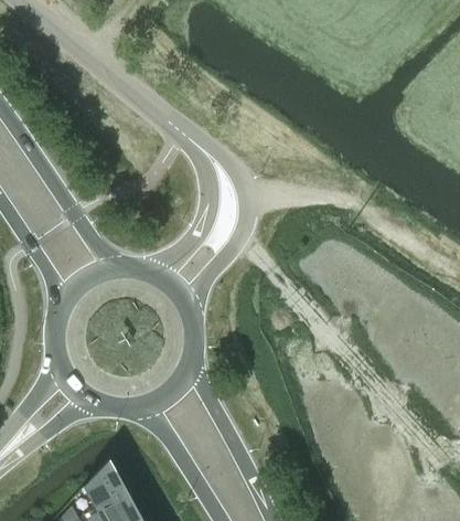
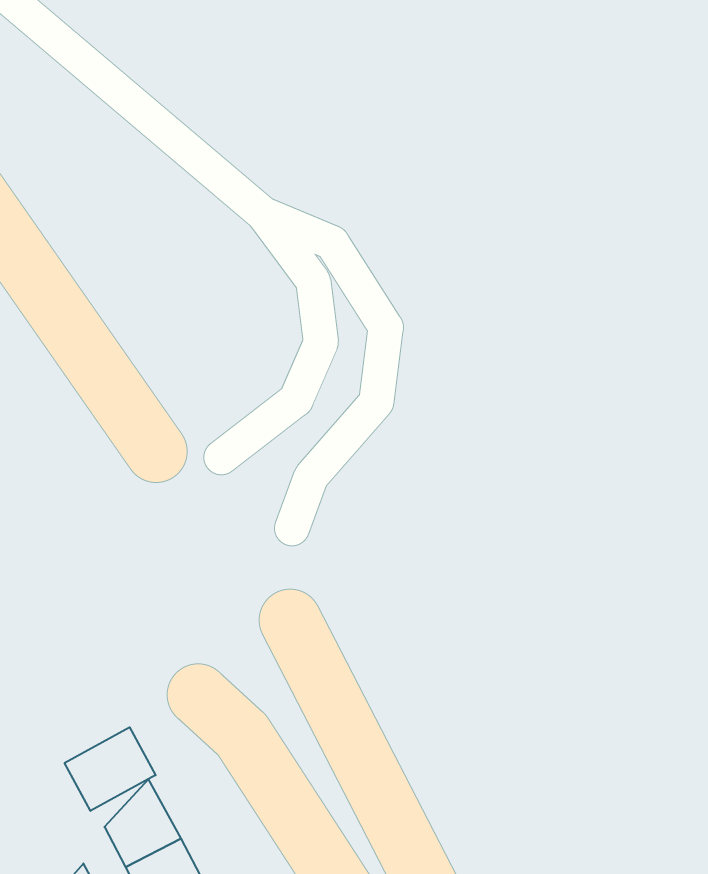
building: none -> [65,727,156,811]

